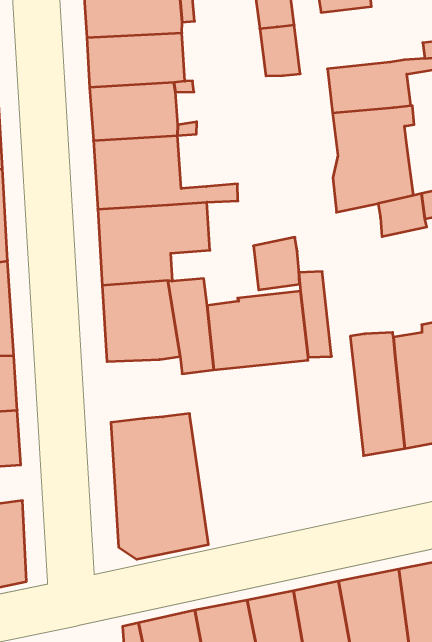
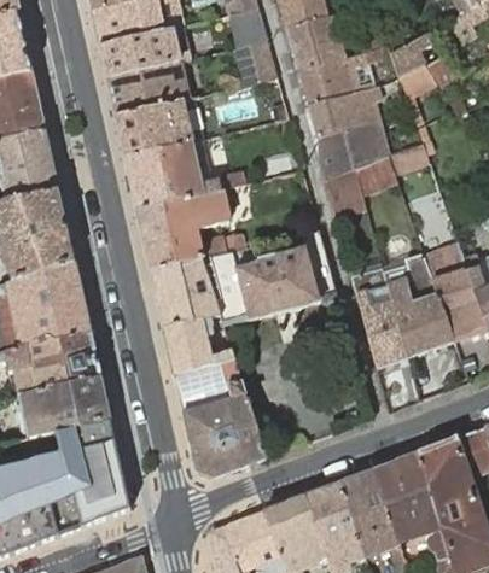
building: none -> [286,13,347,69]
building: [253,237,300,290] -> [324,168,365,214]
building: none -> [163,317,214,373]

